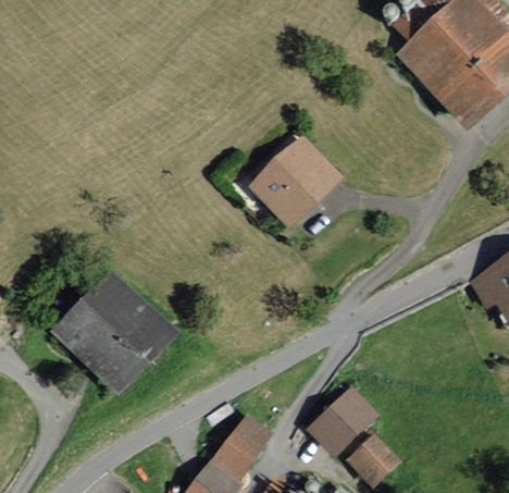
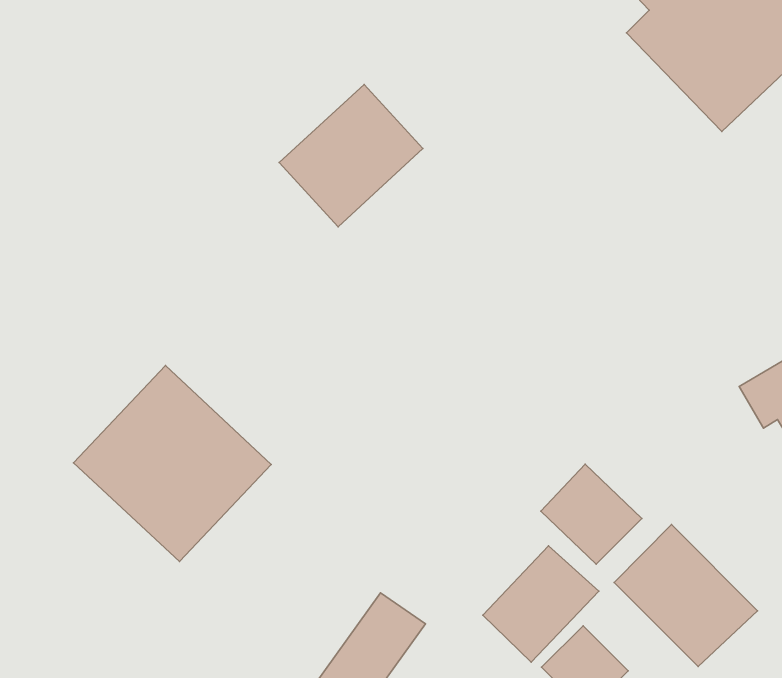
building: [251,135,342,224] -> [279,85,423,227]
building: none -> [541,464,642,564]
building: none -> [614,525,758,667]

